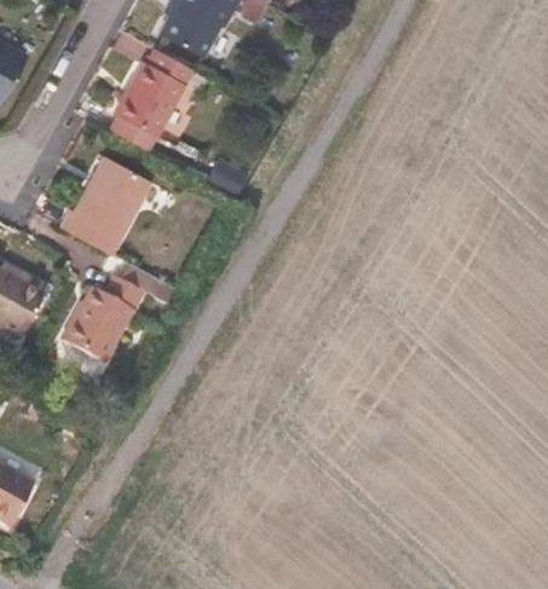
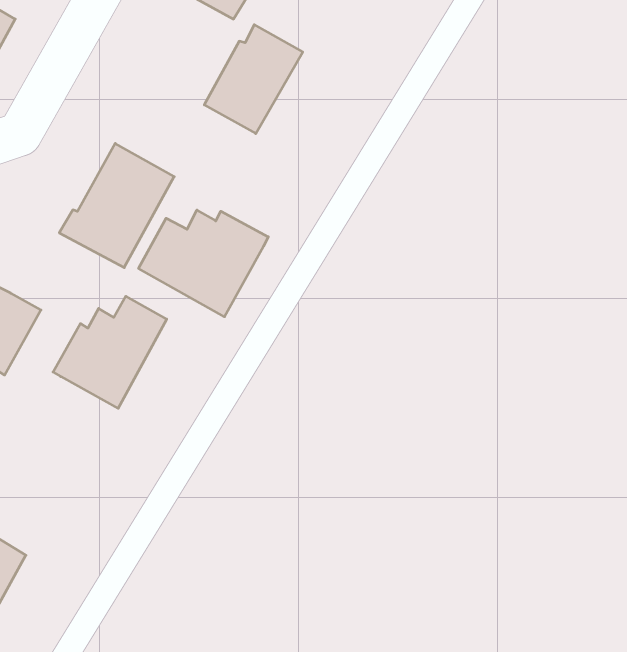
building: [114,48,192,135] -> [204,25,303,134]
building: none -> [139,210,268,317]

